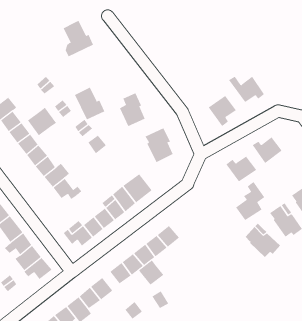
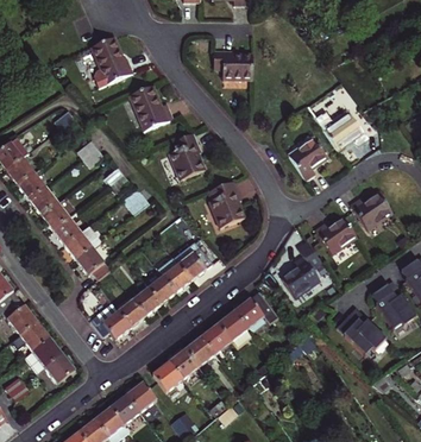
building: none -> [216,48,255,78]
building: [74,87,105,120] -> [130,82,171,127]
building: [27,107,57,136] -> none
building: [235,181,265,221] -> [281,242,321,296]
building: none -> [235,292,278,328]
building: [138,260,164,286] -> none

